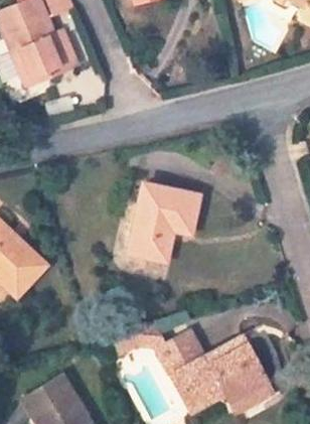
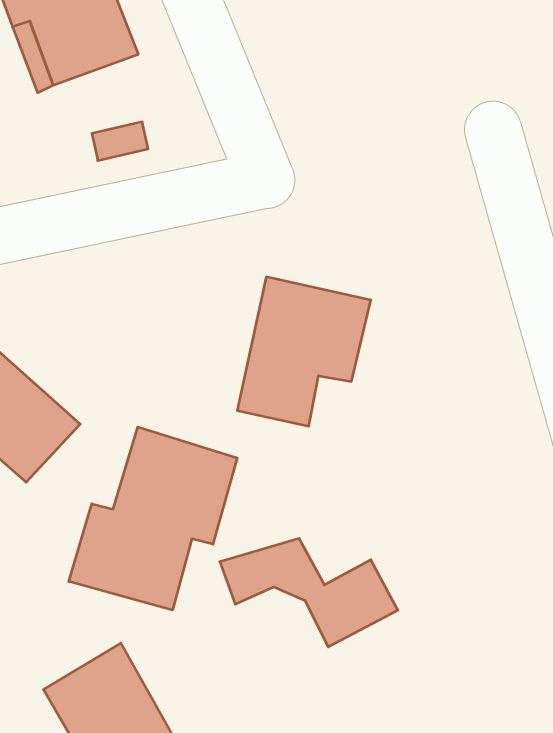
building: none -> [69,427,237,610]
building: [172,338,278,416] -> none

